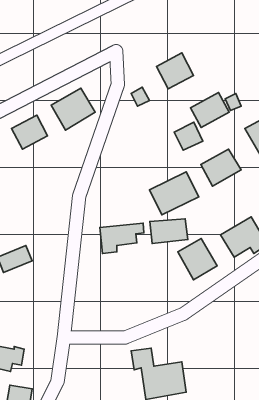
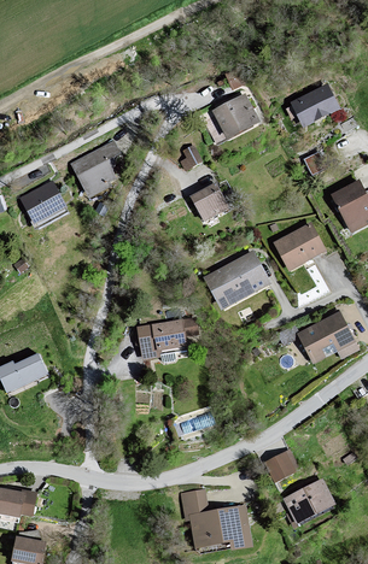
building: [191,92,229,128] -> [290,82,341,129]
building: [174,122,203,150] -> [189,183,228,221]
building: [150,219,188,244] -> none
building: [178,238,217,280] -> none
building: none -> [262,450,300,486]
building: none -> [282,477,337,525]

